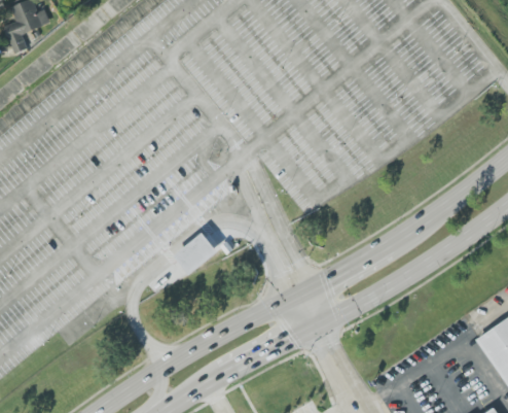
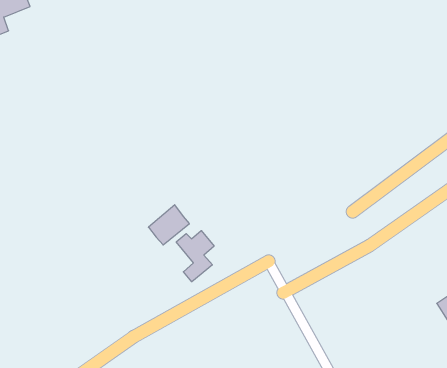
building: none -> [176,231,214,282]

